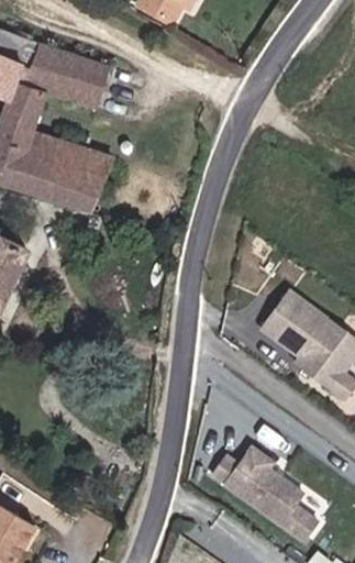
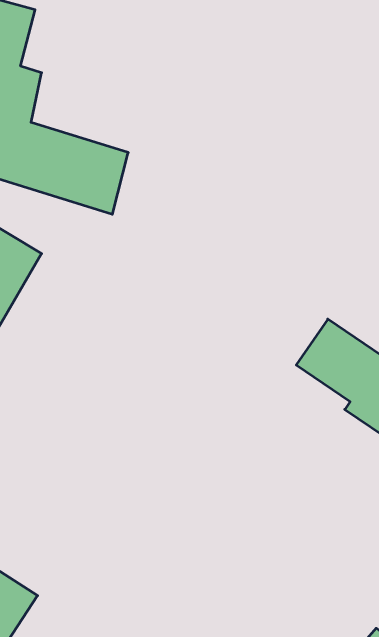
building: [23,35,108,104] -> none
building: [210,453,318,544] -> none

